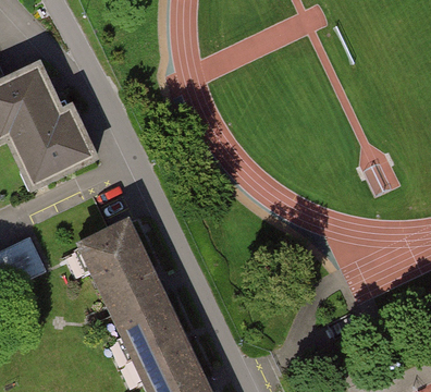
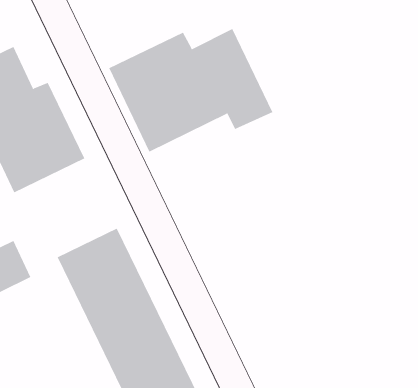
building: none -> [108,28,273,152]

